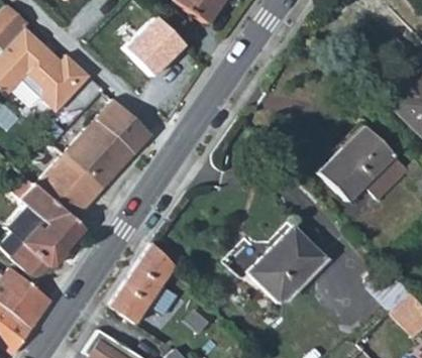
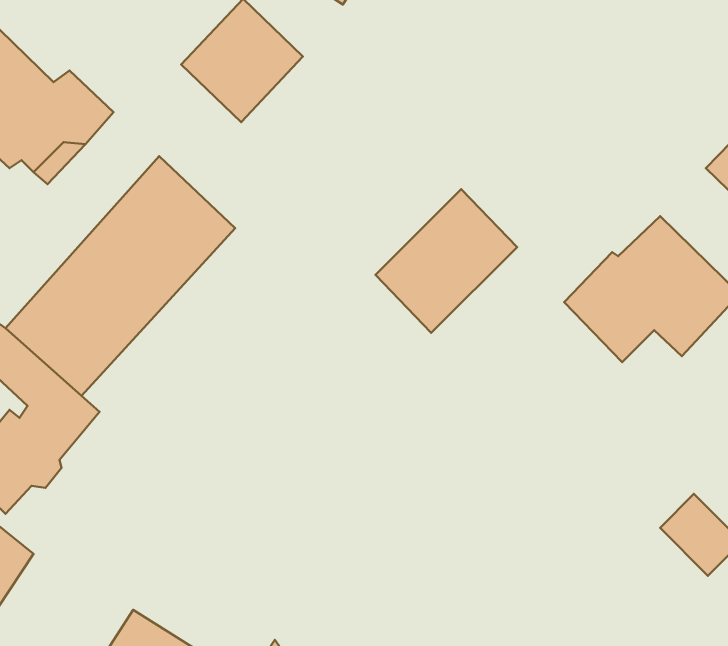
building: [249,228,321,301] -> [375,189,517,333]
building: [110,243,176,323] -> none

